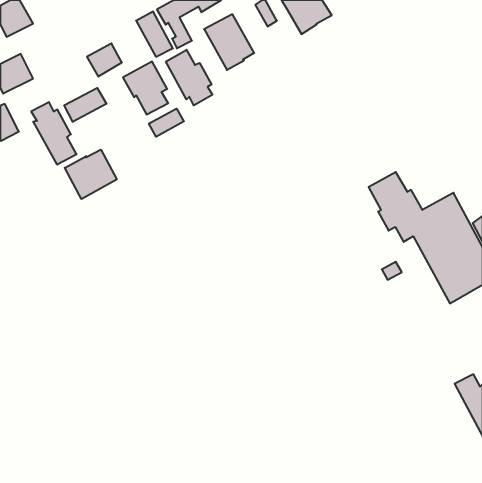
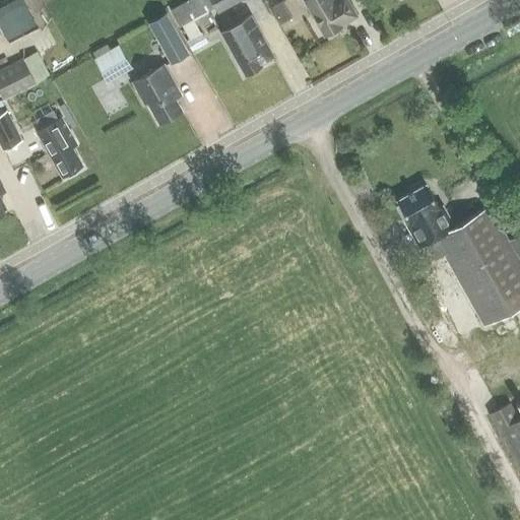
building: [166,50,212,105] -> none
building: [64,88,106,122] -> none
building: [149,109,184,137] -> none
building: [65,150,117,199] -> none

